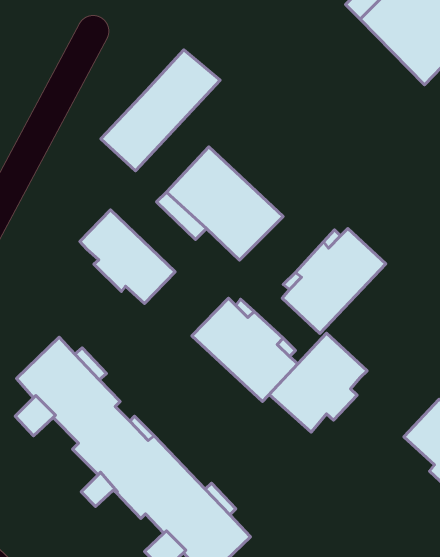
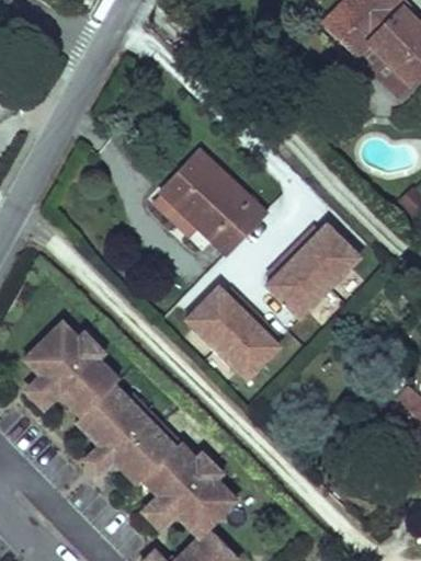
building: [101,50,220,171] -> none
building: [80,210,175,303] -> none
building: [269,333,367,432] -> none

